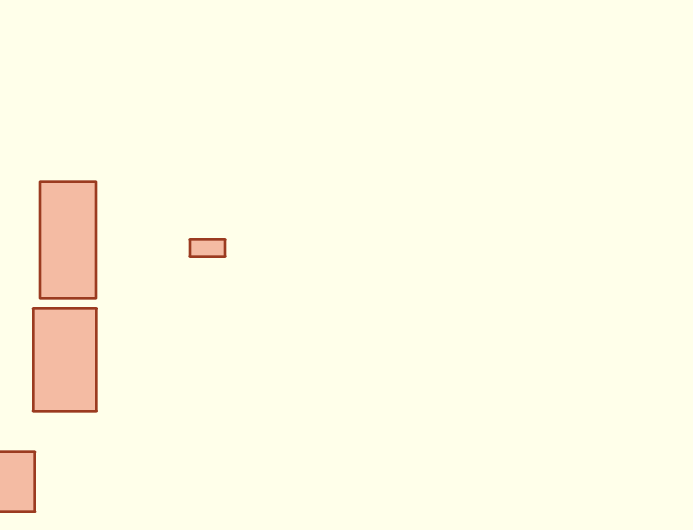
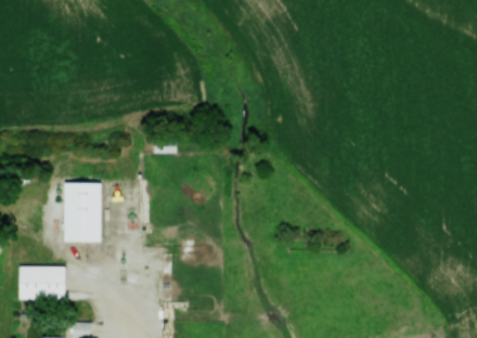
building: [40,182,96,298] -> none

